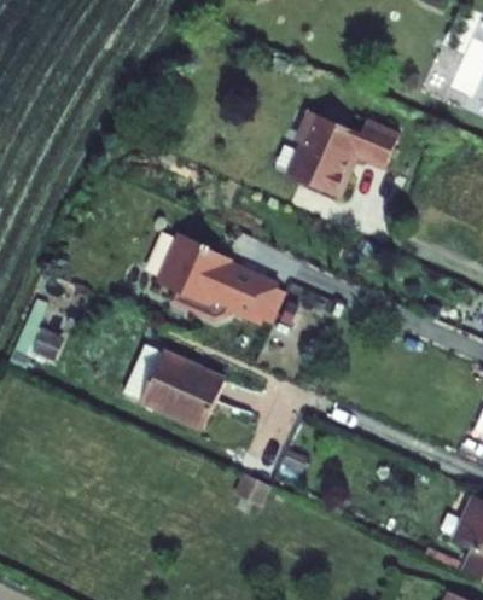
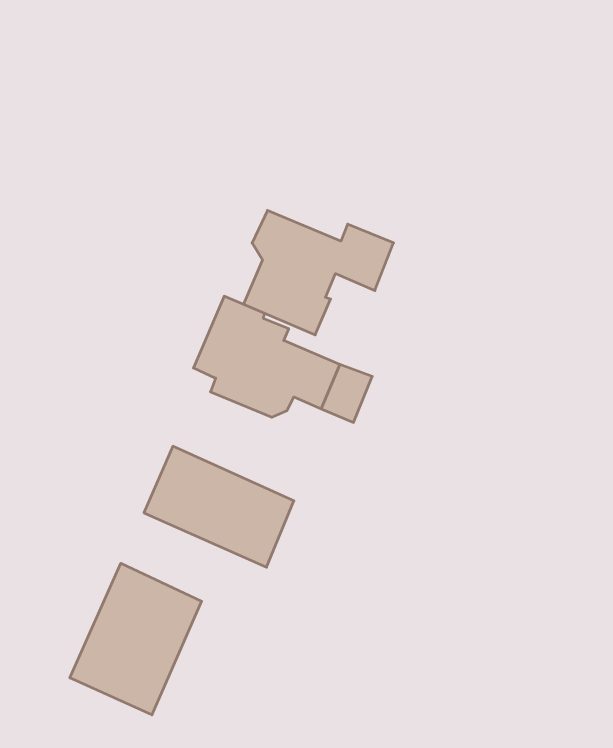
building: [291,112,397,200] -> [244,210,394,335]
building: none -> [70,563,202,715]

